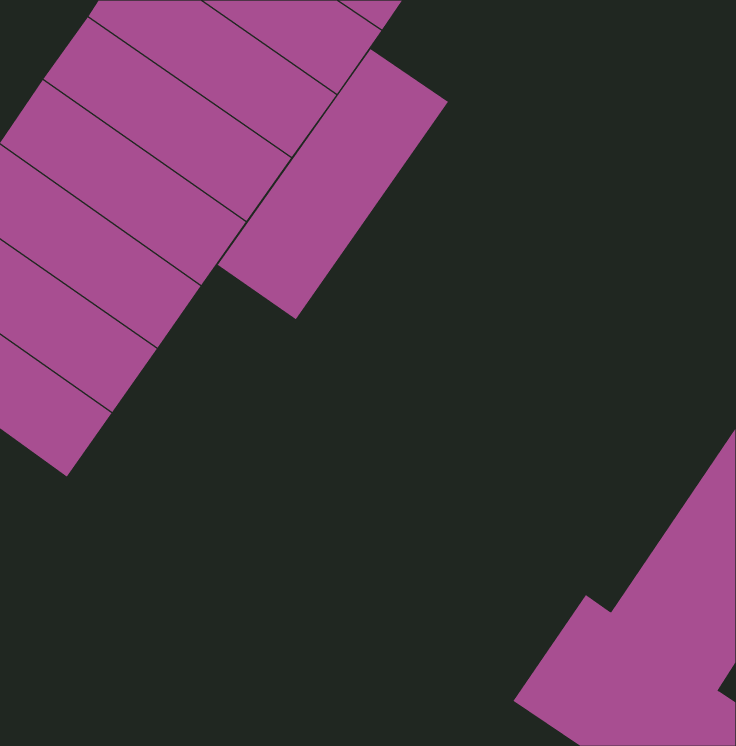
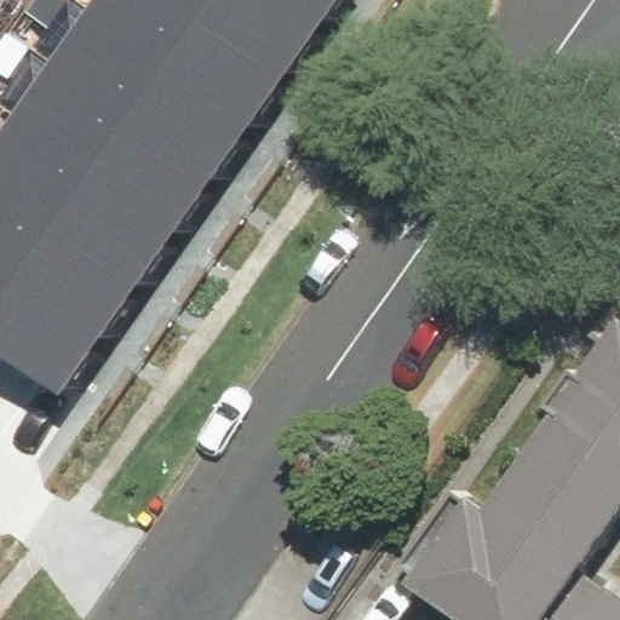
building: [217,48,449,320] -> none

